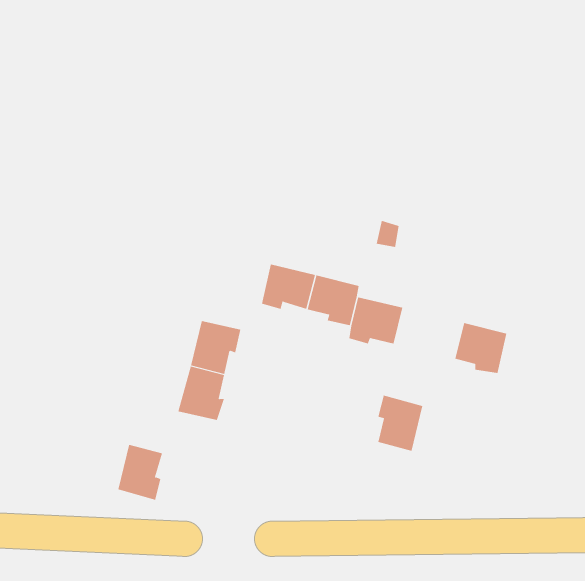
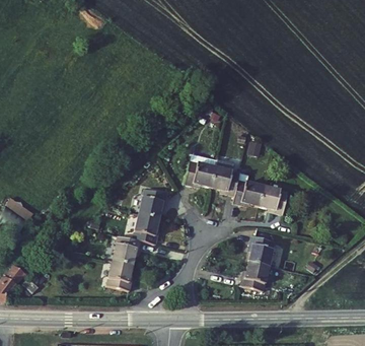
building: [455,322,507,373] -> [258,187,287,215]
building: none -> [109,238,137,268]
building: none -> [238,262,268,291]

